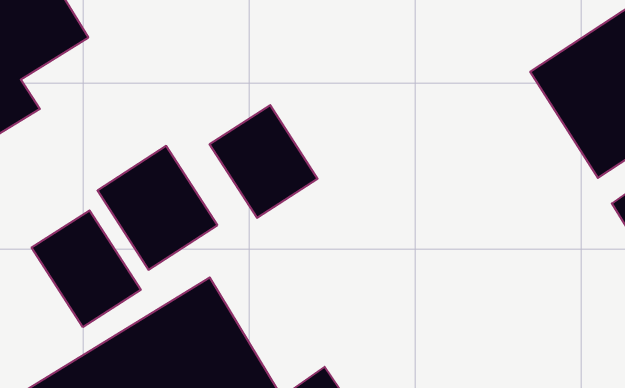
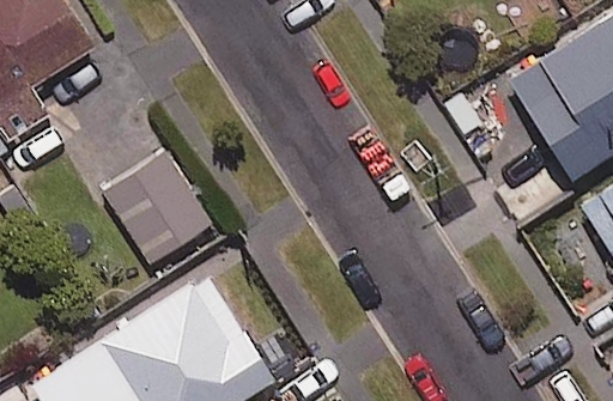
building: [210,105,318,218] -> none
building: [32,210,141,327] -> none

